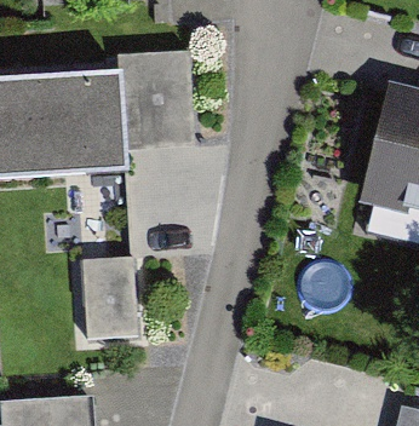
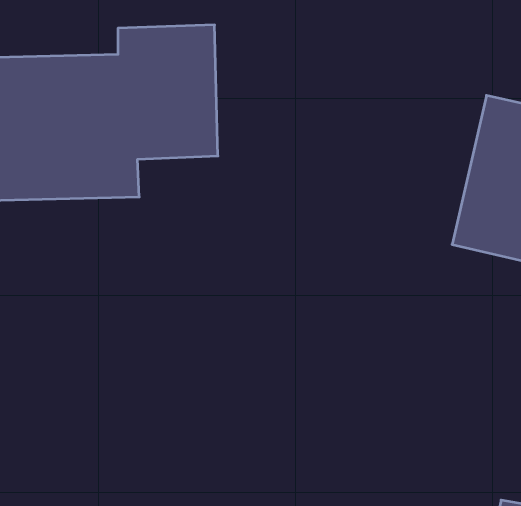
building: [87,257,147,335] -> none

